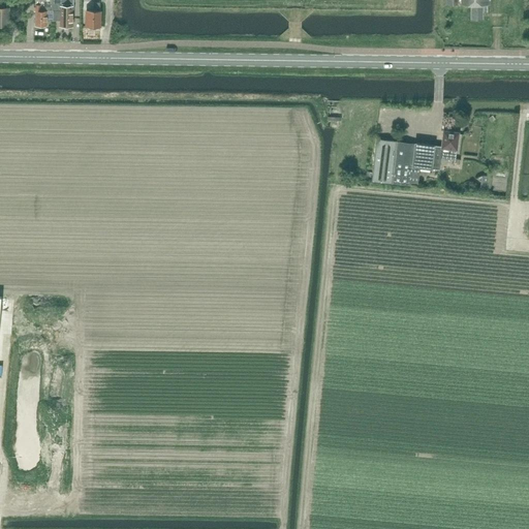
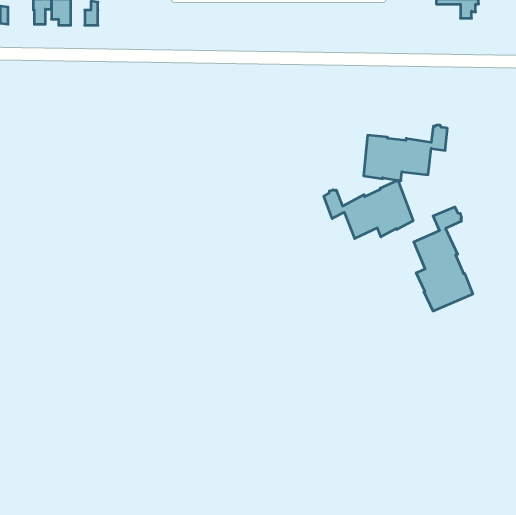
building: none -> [324,180,413,239]
building: none -> [414,207,473,311]

